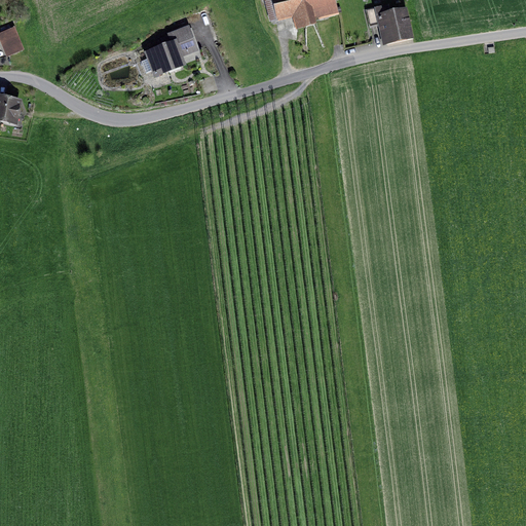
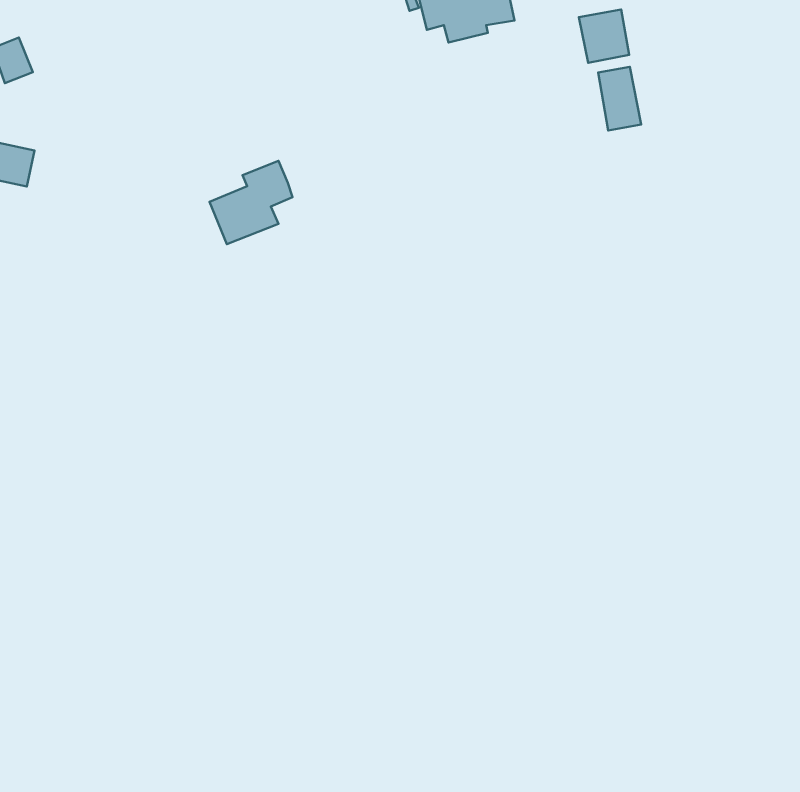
building: [145,22,199,76] -> [209,161,293,244]
building: none -> [598,67,641,130]

